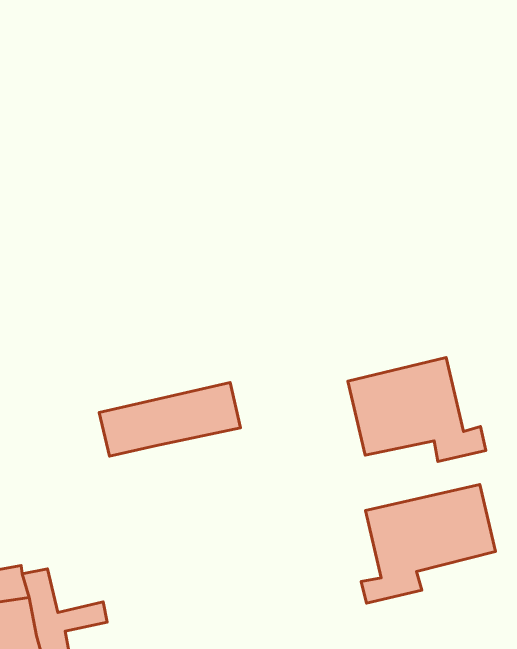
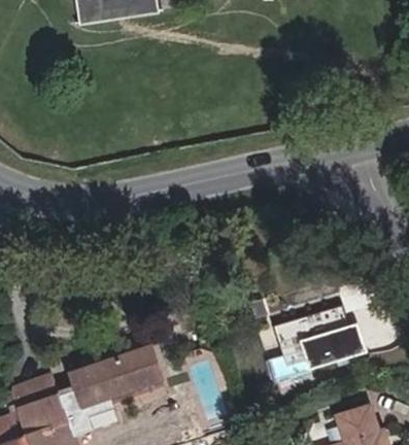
building: [348,357,486,462] -> none
building: [99,382,241,456] -> [78,350,167,401]

